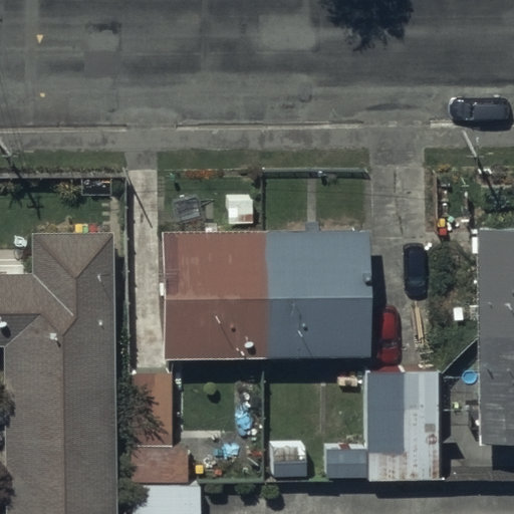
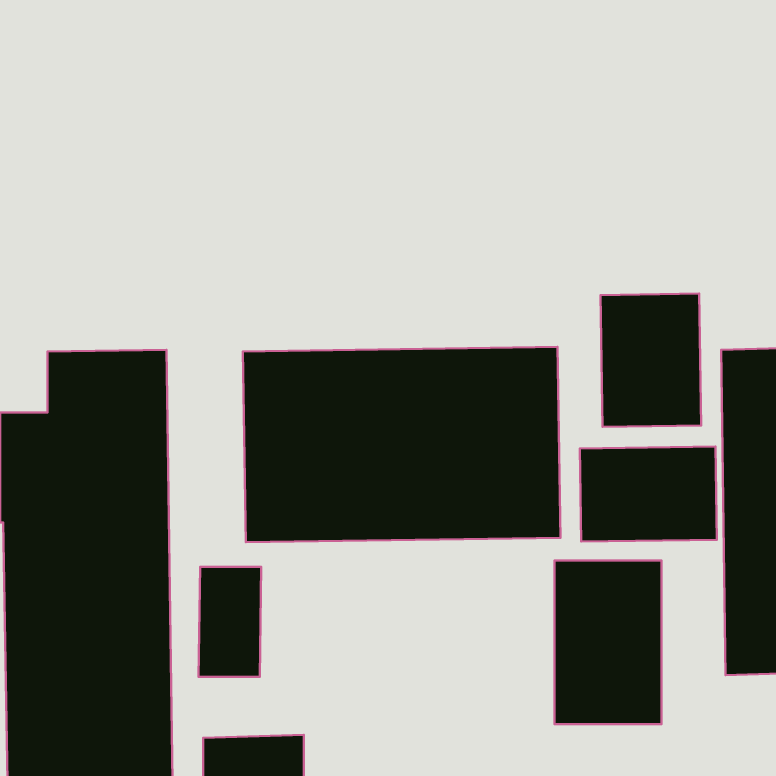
building: none -> [600,294,701,427]
building: none -> [580,446,717,542]

